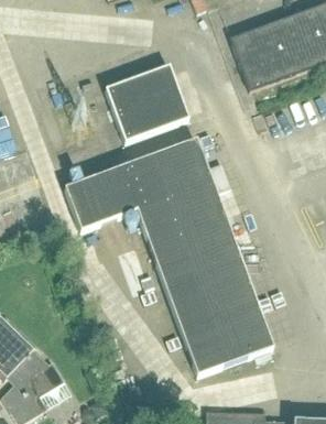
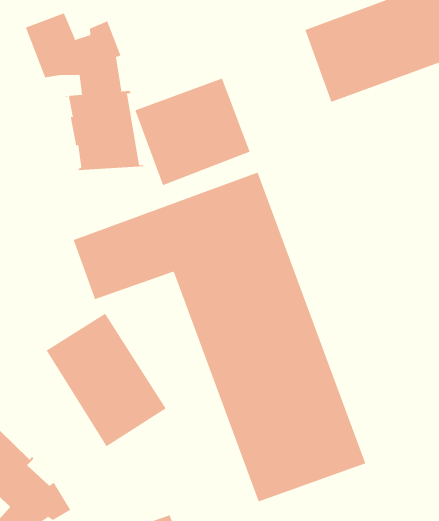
building: none -> [25,13,144,171]
building: none -> [46,313,166,447]

